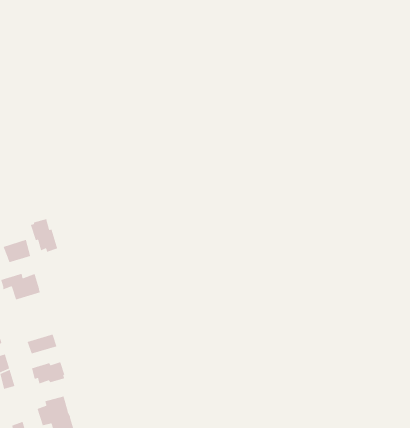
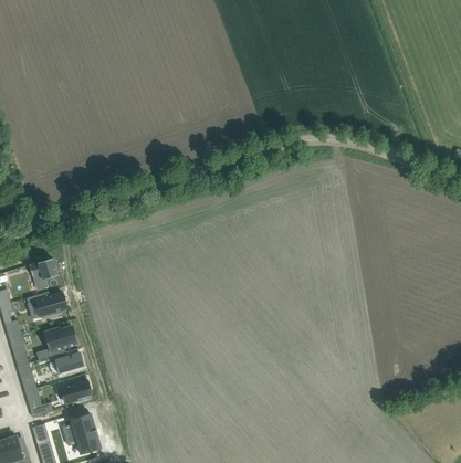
building: [30,218,58,253] -> none
building: none -> [44,326,76,356]

